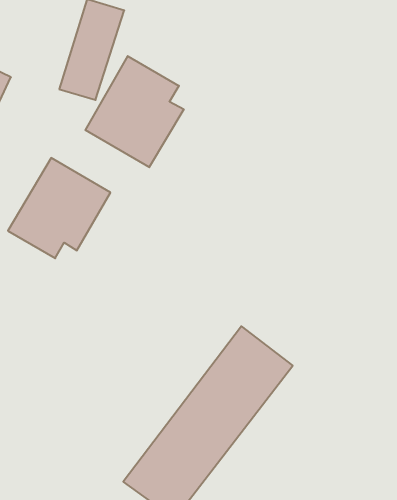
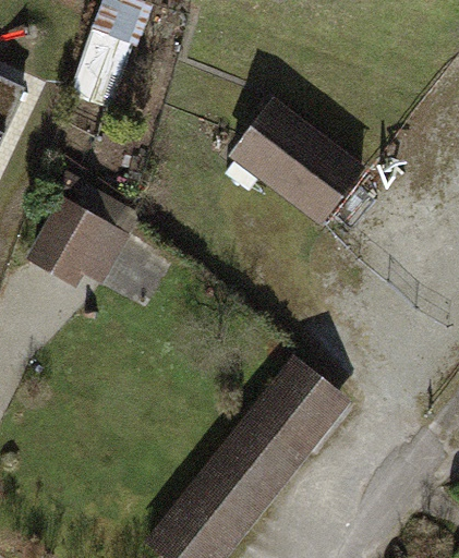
building: [85,56,184,167] -> none
building: none -> [227,97,366,231]

